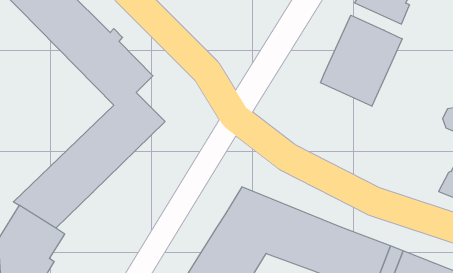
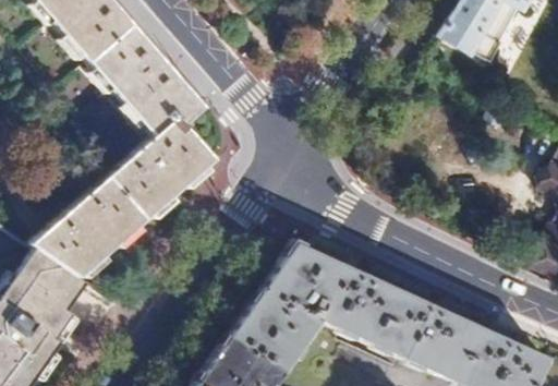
building: [321,15,402,106] -> none

